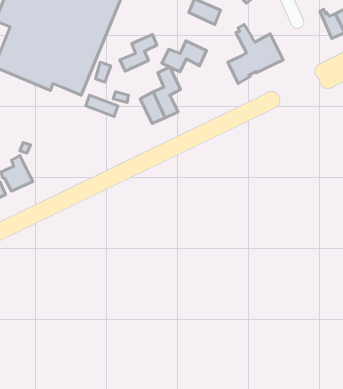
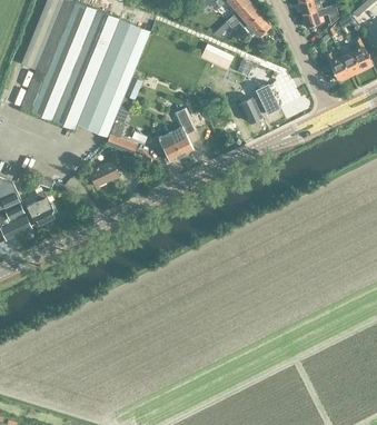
building: [120,34,157,71] -> none
building: [162,41,206,72] -> none
building: none -> [82,156,123,187]

